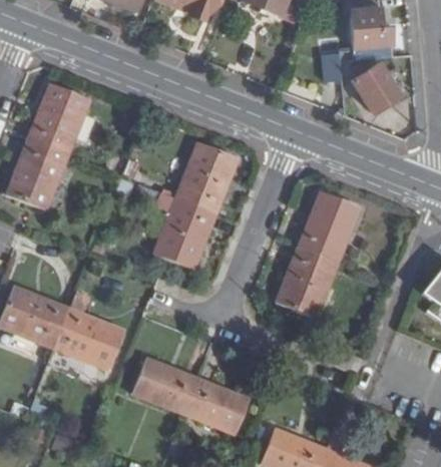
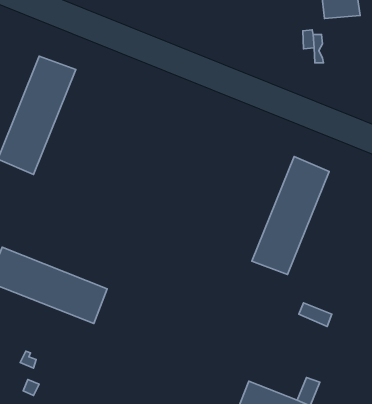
building: [353,62,399,110] -> none
building: [155,144,237,269] -> none
building: [132,358,248,432] -> none

